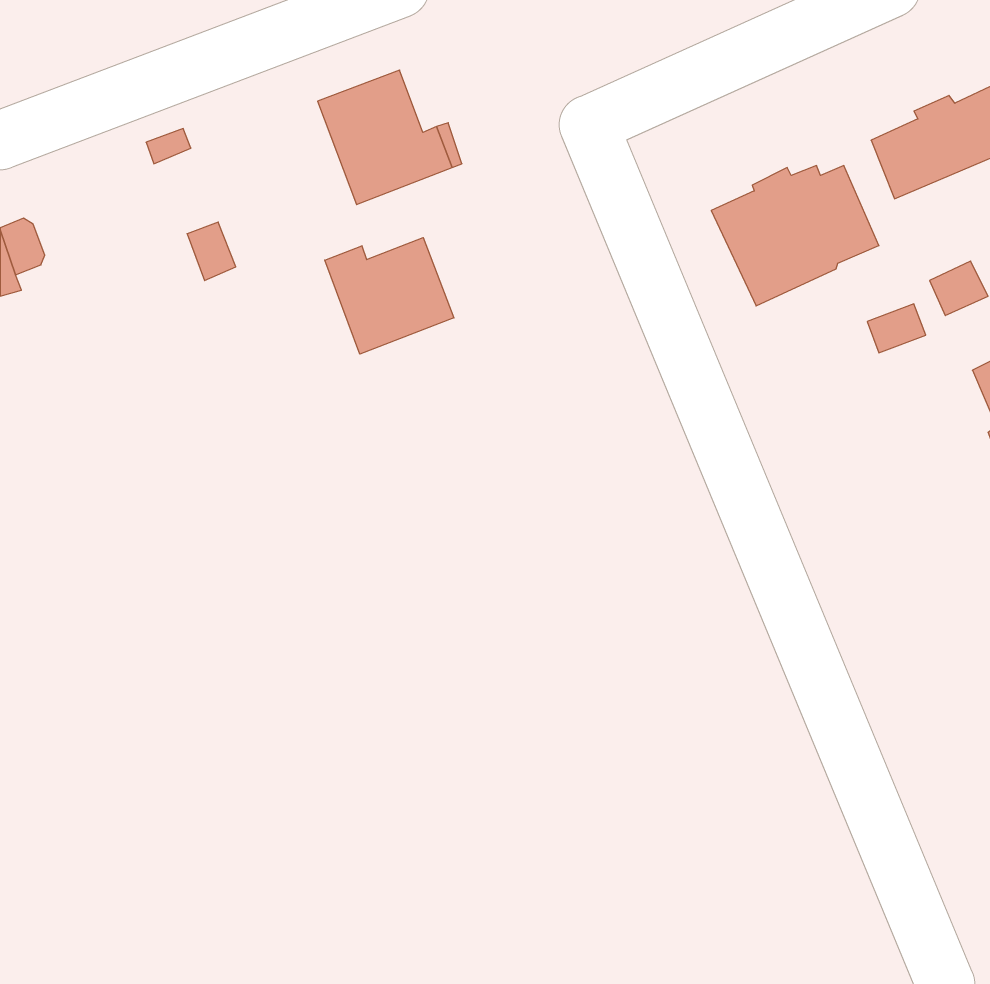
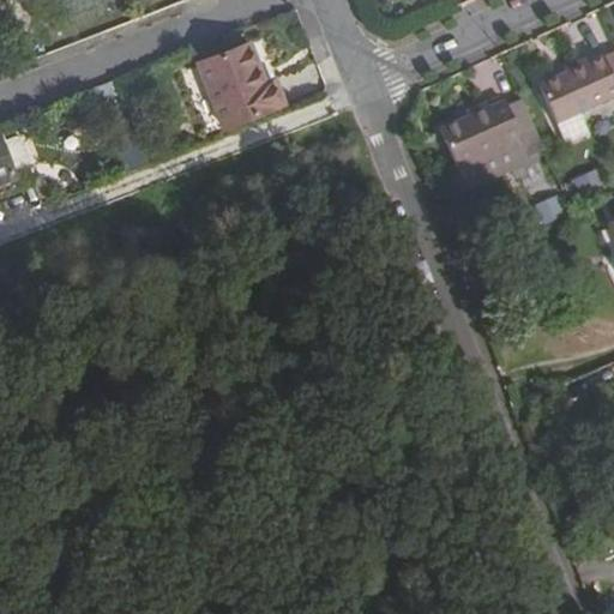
building: [325,238,454,354] -> none

